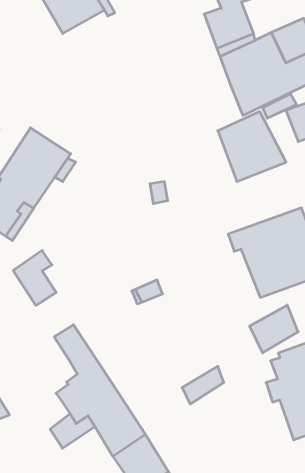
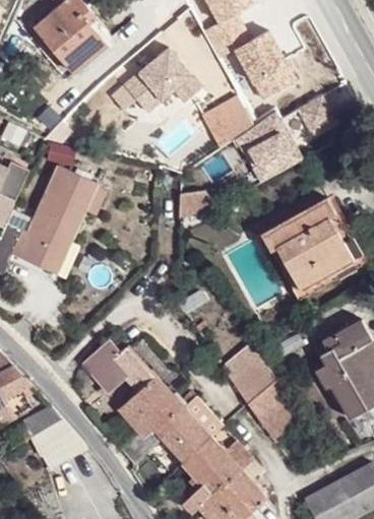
building: none -> [107,47,200,116]
building: none -> [202,95,253,146]
building: [13,250,56,305] -> [81,339,125,392]
building: [250,305,298,353] -> [221,338,267,387]
building: none -> [247,376,297,433]

